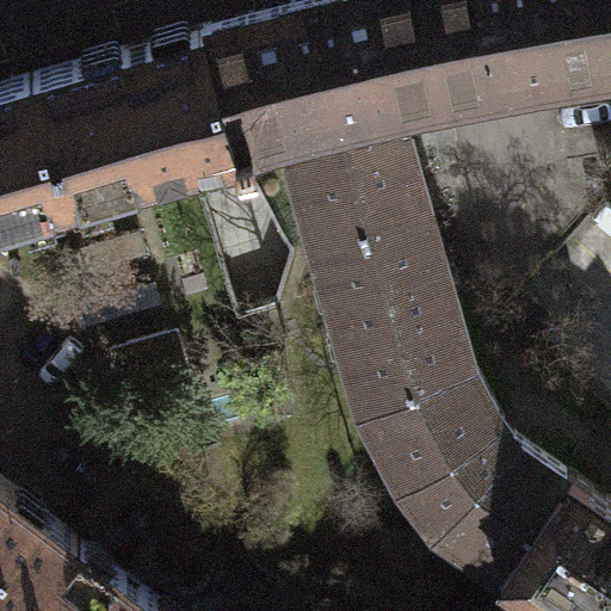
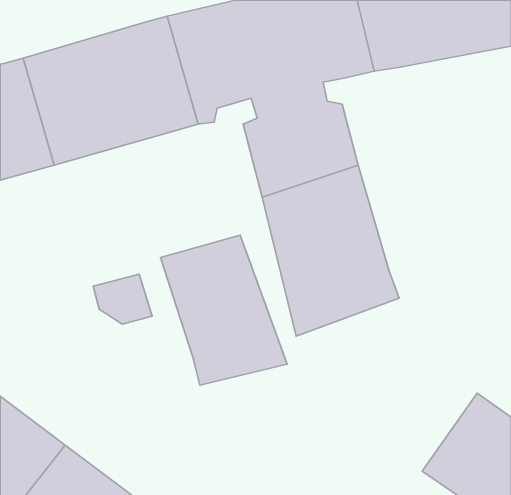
building: none -> [161,235,287,385]
building: [353,375,569,581] -> none

